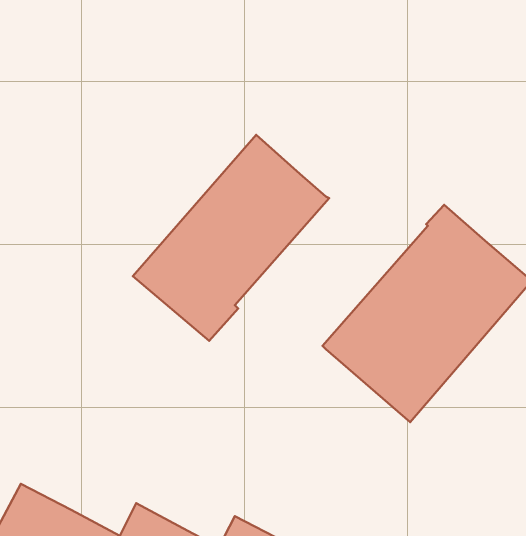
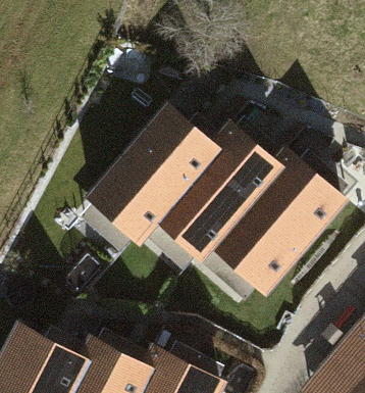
building: none -> [153,127,274,256]

